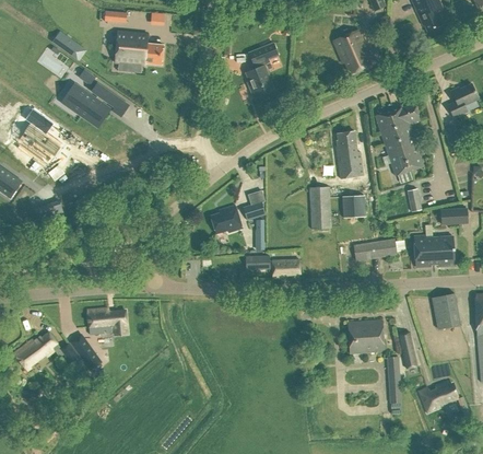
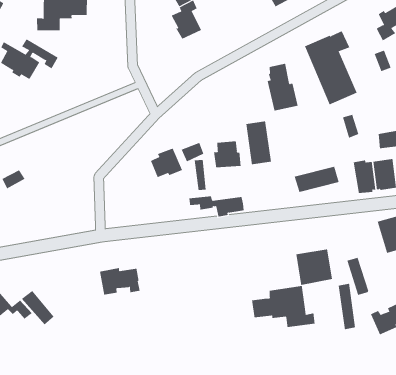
building: [342,195,365,217] -> none
building: none -> [214,141,241,168]
building: [87,307,127,334] -> [99,268,140,295]
building: none -> [251,285,315,328]

